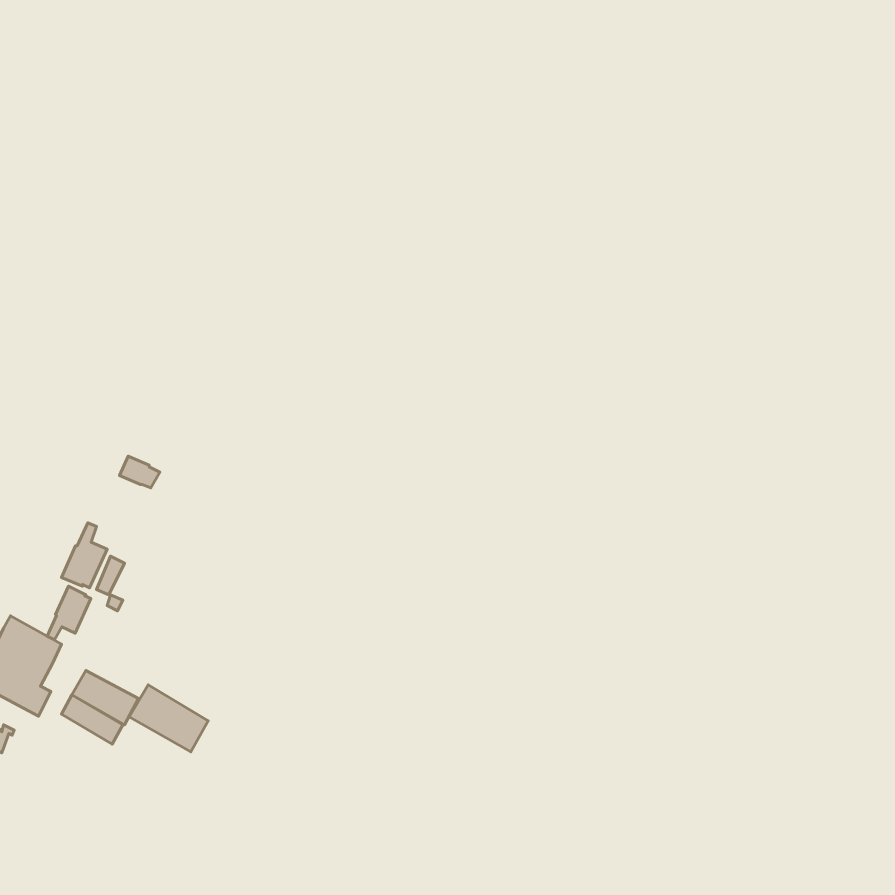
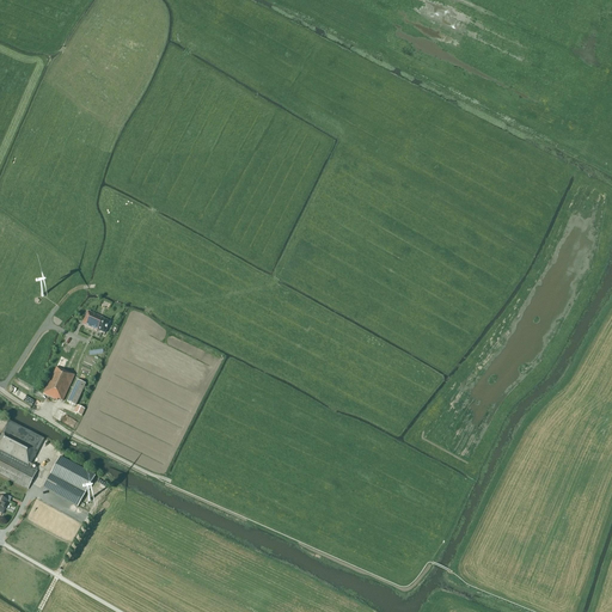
building: [47,586,91,640] -> none
building: [129,685,208,752] -> none

